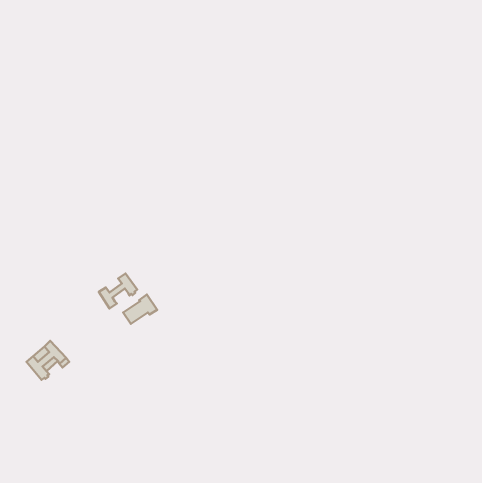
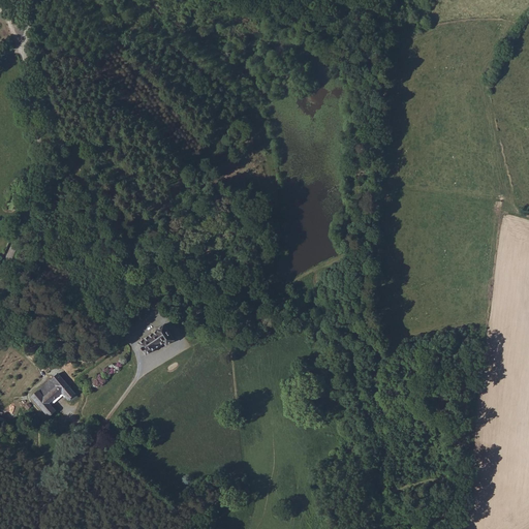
building: [99,273,137,309] -> none

